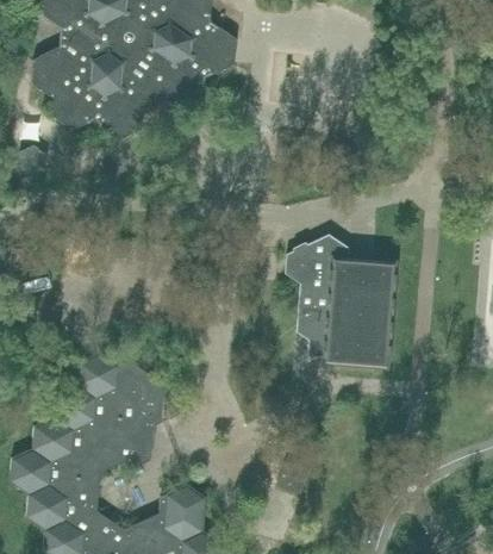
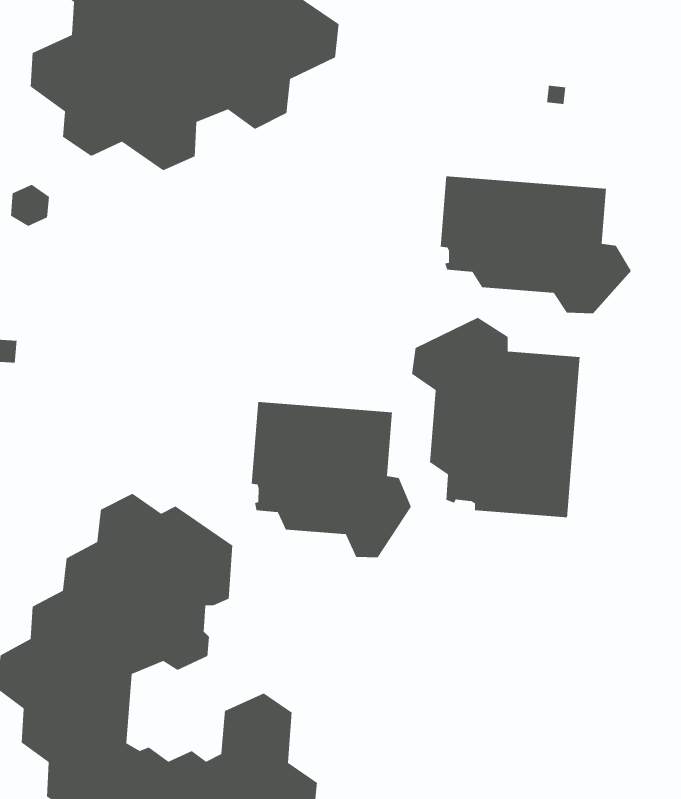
building: none -> [440,176,632,314]
building: none -> [251,401,412,558]

